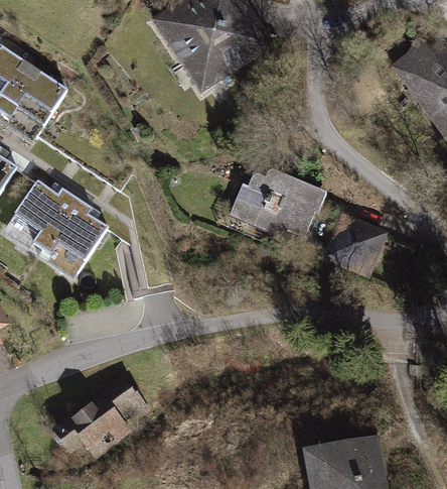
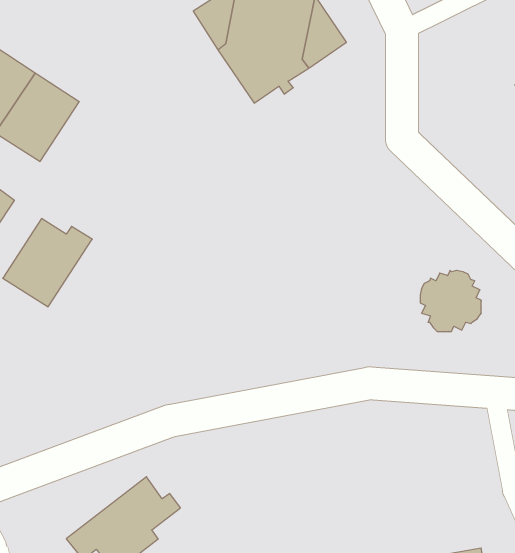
building: [230,171,326,237] -> none
building: [42,198,107,273] -> none

